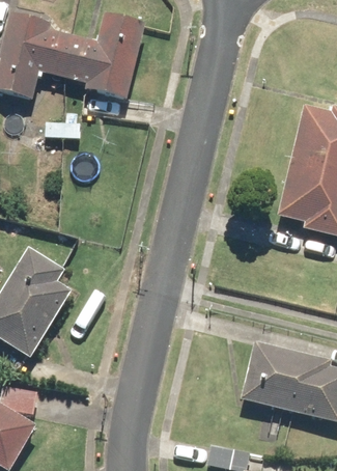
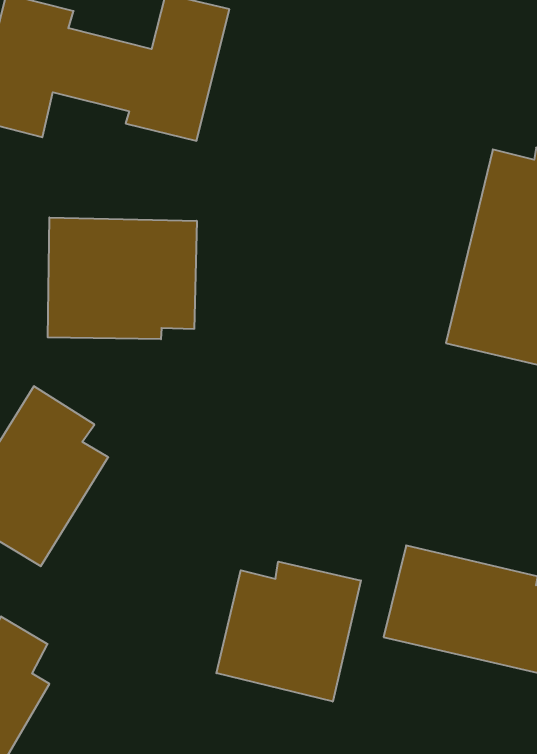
building: none -> [48,217,197,339]
building: none -> [216,562,361,702]

